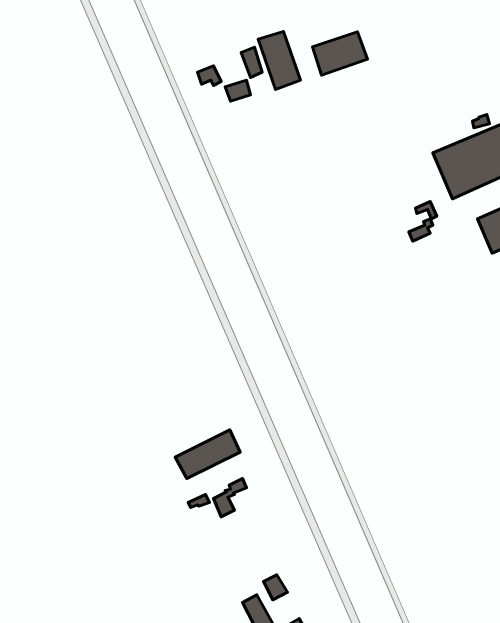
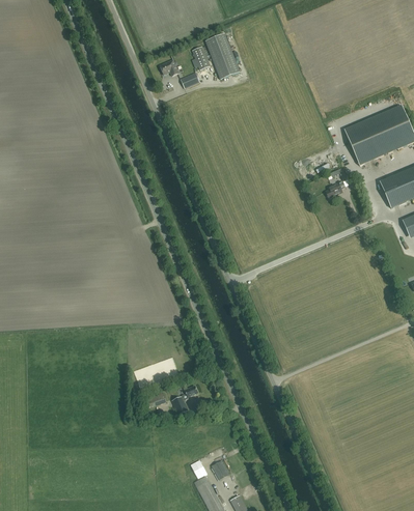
building: [313,32,368,75] -> none
building: [175,430,240,478] -> none

